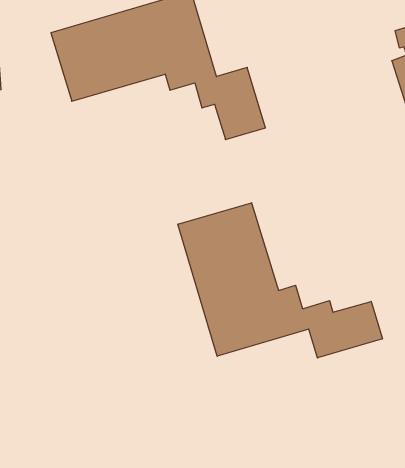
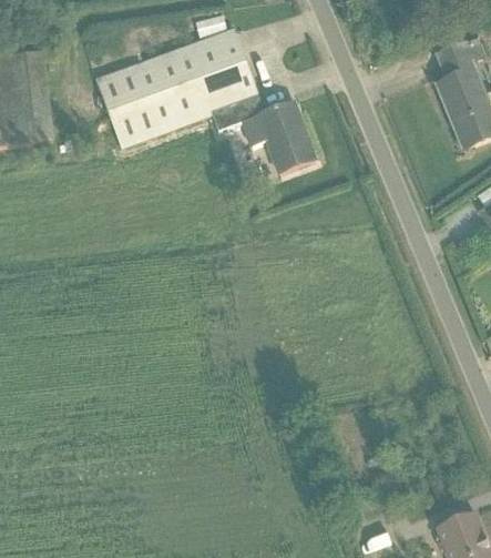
building: [178,203,382,358] -> none

